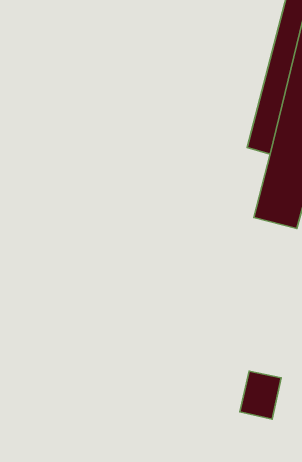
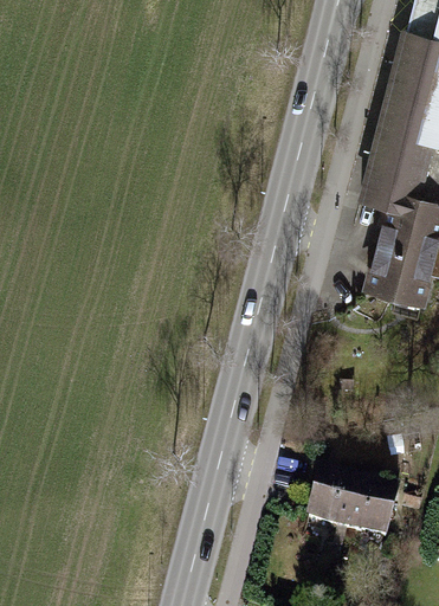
building: none -> [310,470,366,533]

